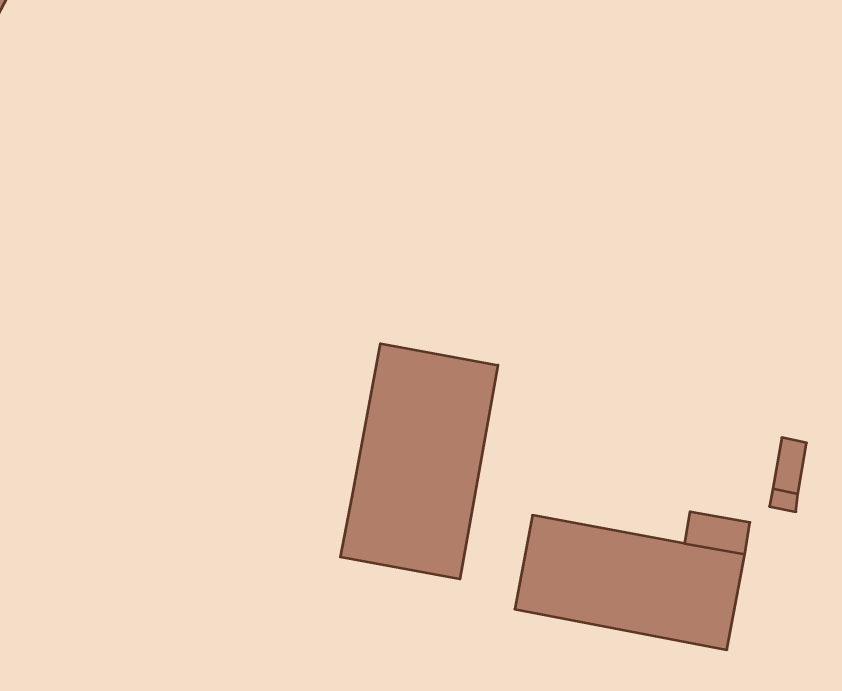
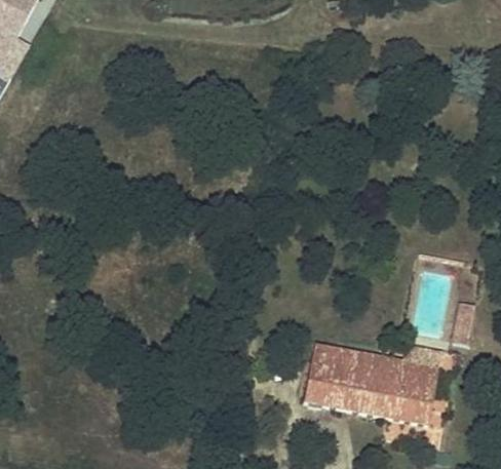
building: [340,344,498,579] -> none

